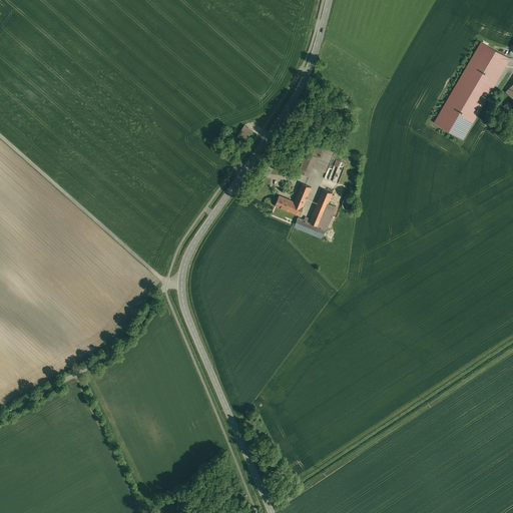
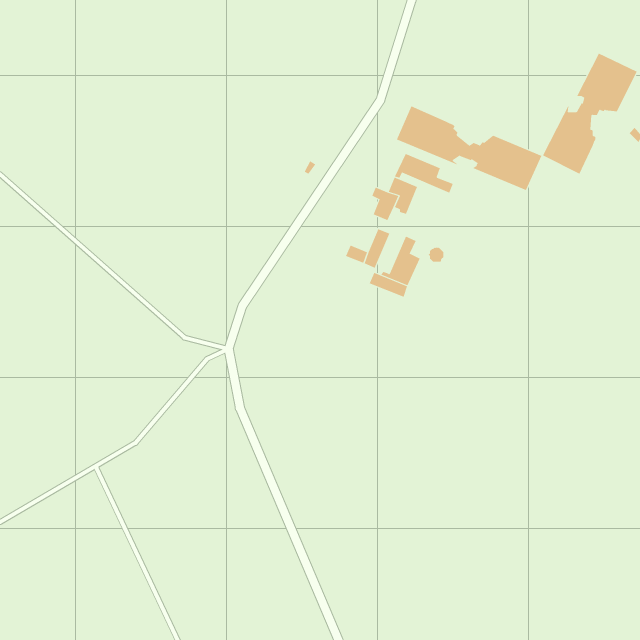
building: none -> [396,105,542,191]
building: none -> [394,153,454,194]

